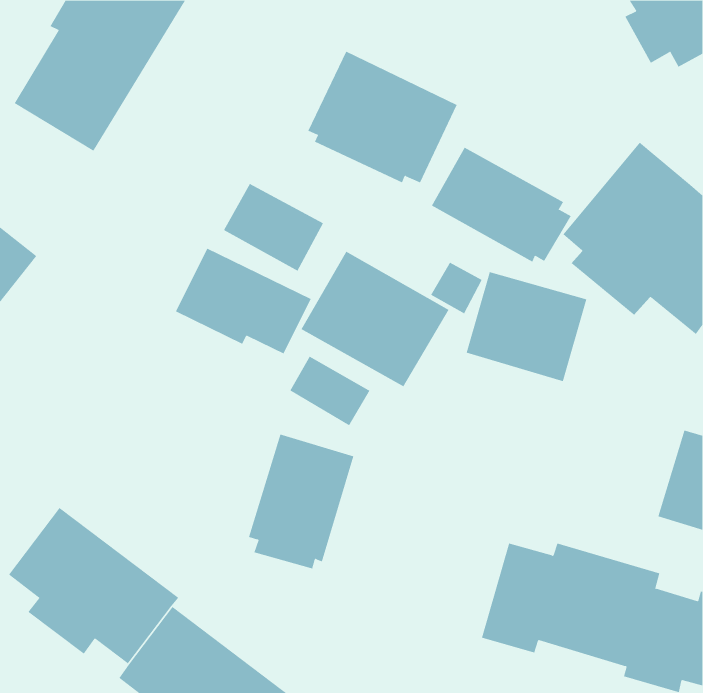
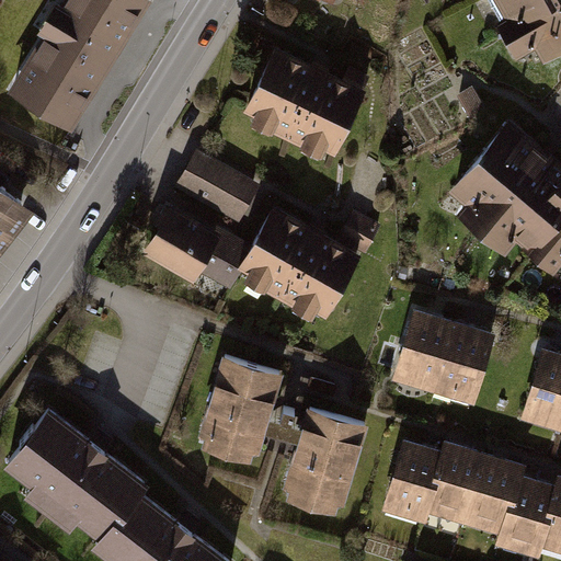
building: [431,147,571,263] -> none
building: [466,272,587,382] -> [394,317,491,404]
building: [290,356,370,426] -> none
building: none -> [282,407,367,514]

